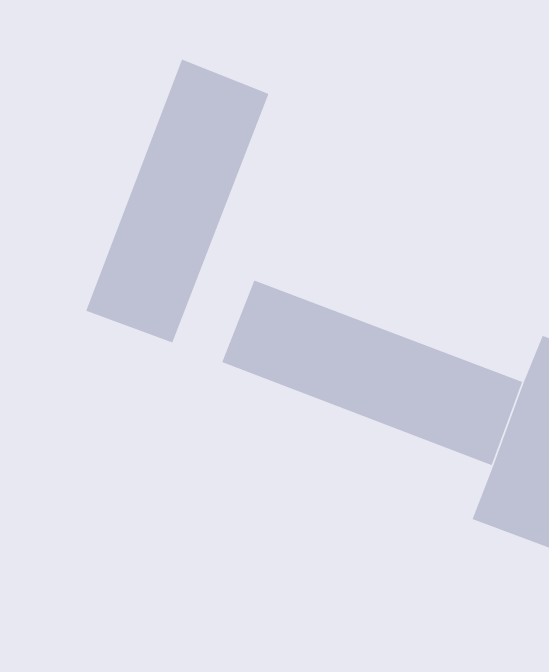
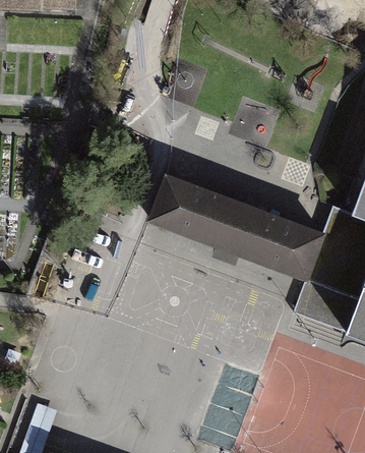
building: [85,59,270,344] -> none

